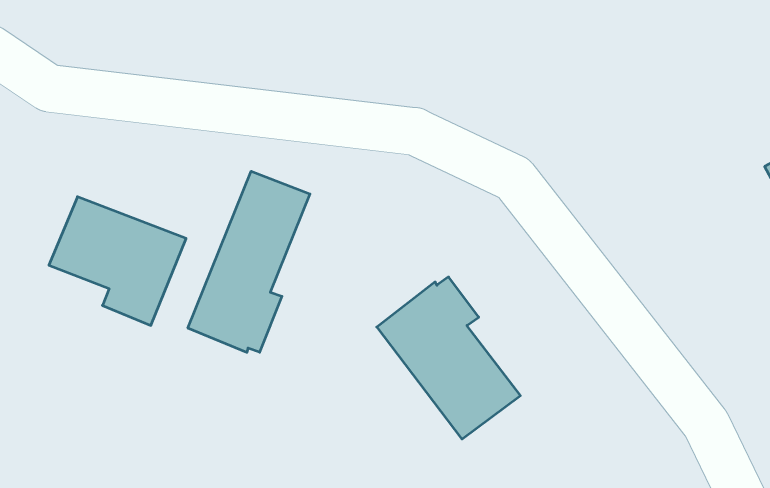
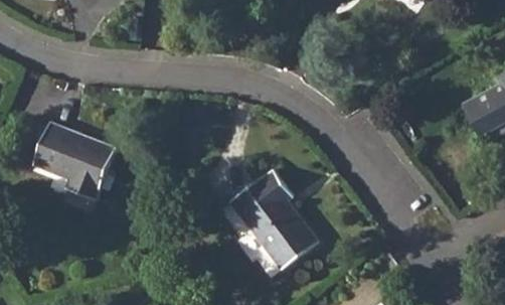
building: [188,171,310,352] -> none

